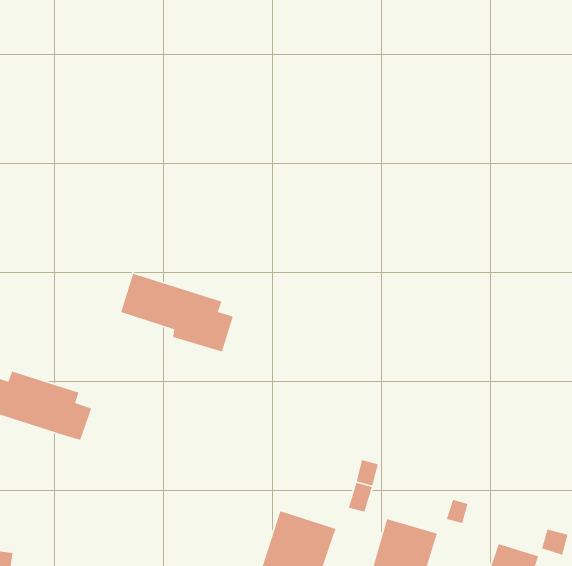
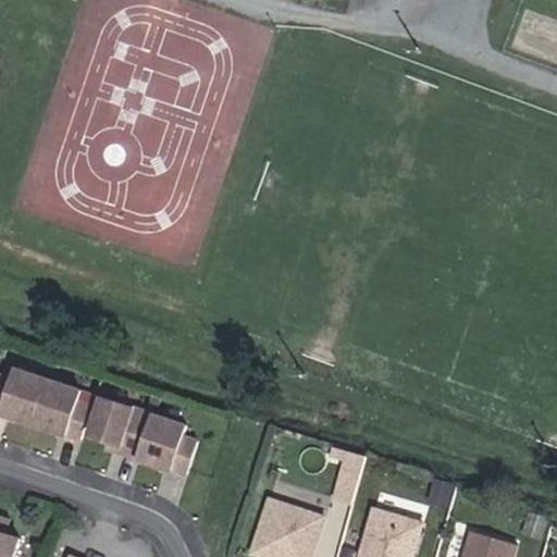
building: [120,273,234,352] -> [86,394,195,470]

